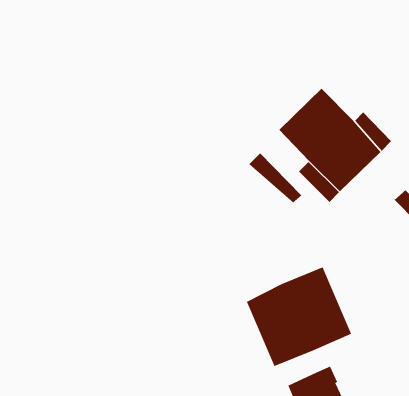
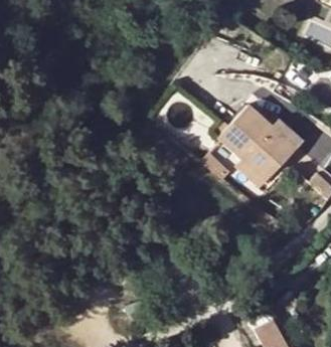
building: [246,266,352,367] -> none

